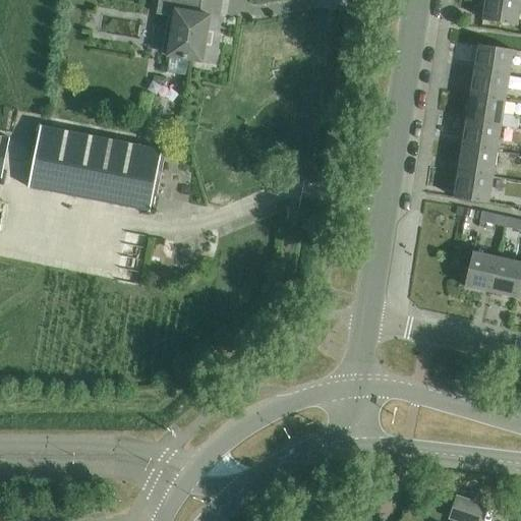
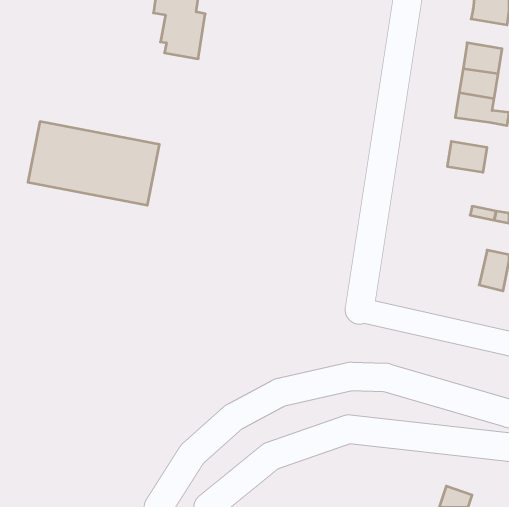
building: [461,120,502,151] -> none
building: [454,170,494,201] -> none
building: [464,250,498,291] -> none

